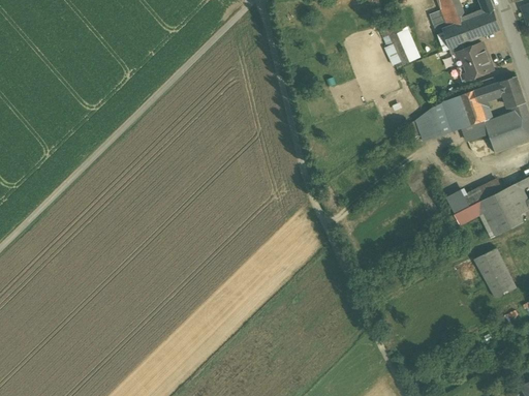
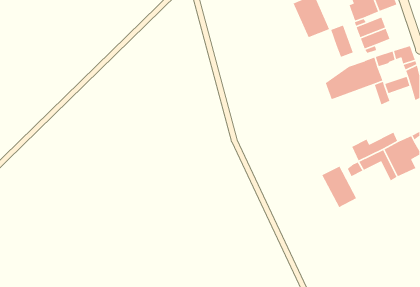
building: none -> [330,24,354,58]
building: [490,125,522,152] -> none
building: [475,248,518,299] -> [321,165,357,208]

